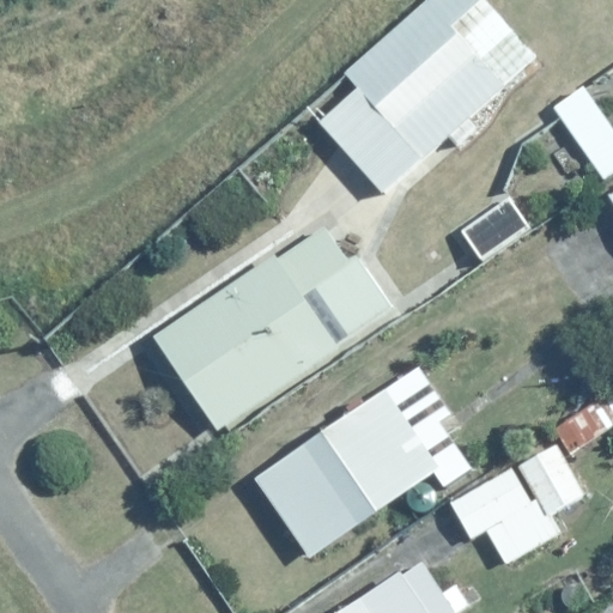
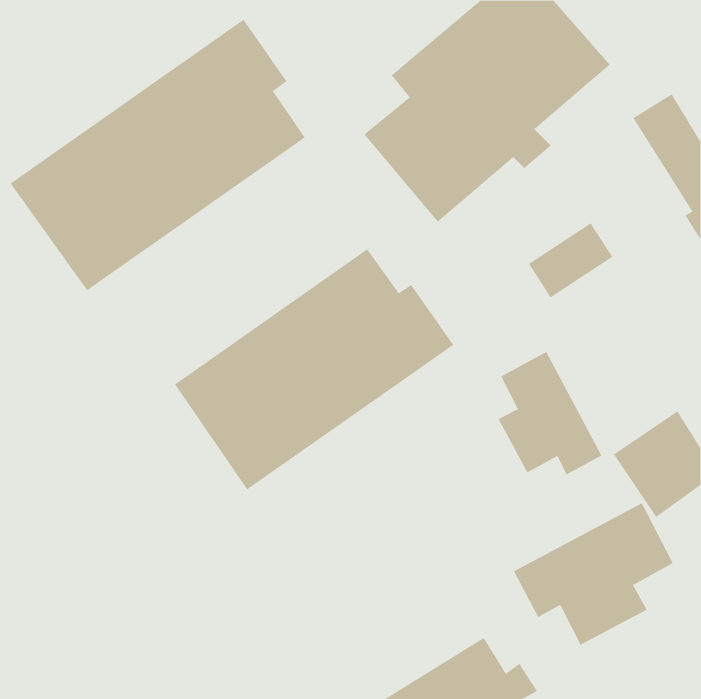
building: none -> [10,19,305,291]
building: none -> [498,351,602,475]
building: [255,387,441,556] -> none

